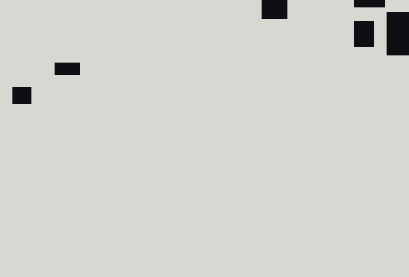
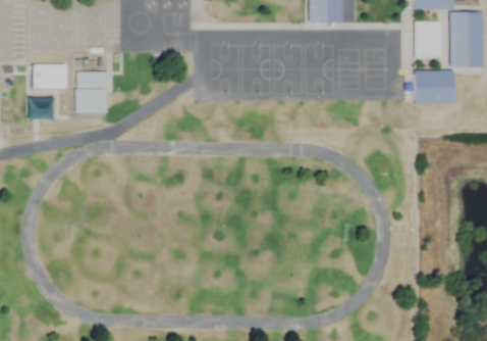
building: none -> [34,64,66,88]
building: none -> [415,70,451,102]
building: none -> [75,89,107,111]

